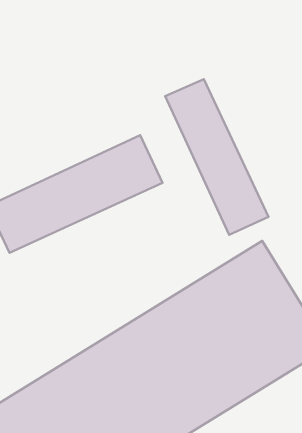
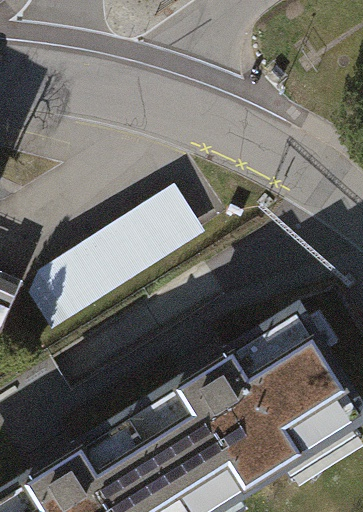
building: [165,79,268,235] -> none

